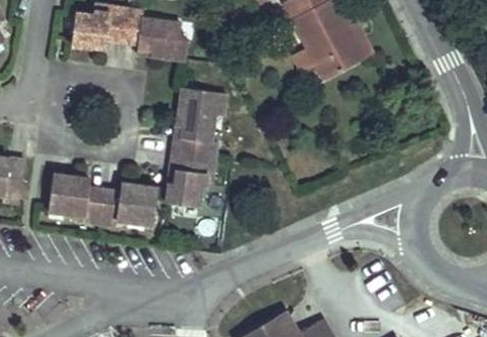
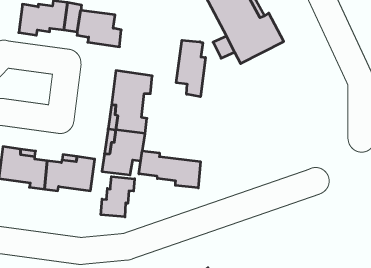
building: none -> [176,40,205,97]
building: none -> [139,151,200,188]
building: none -> [101,177,135,217]

